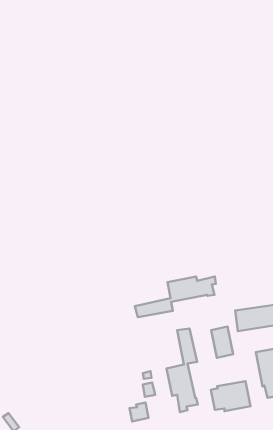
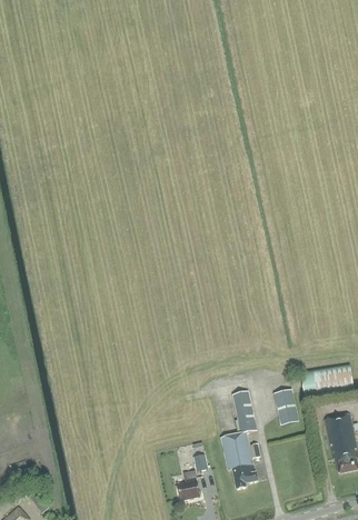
building: [135,276,216,317] -> none
building: [211,381,251,411] -> none

